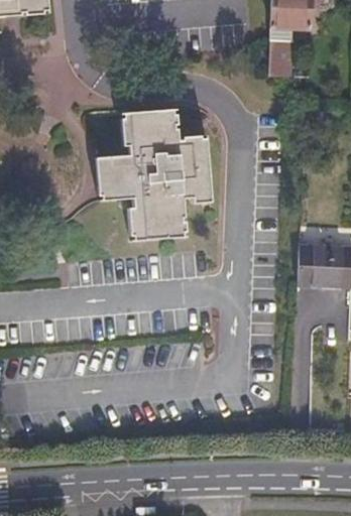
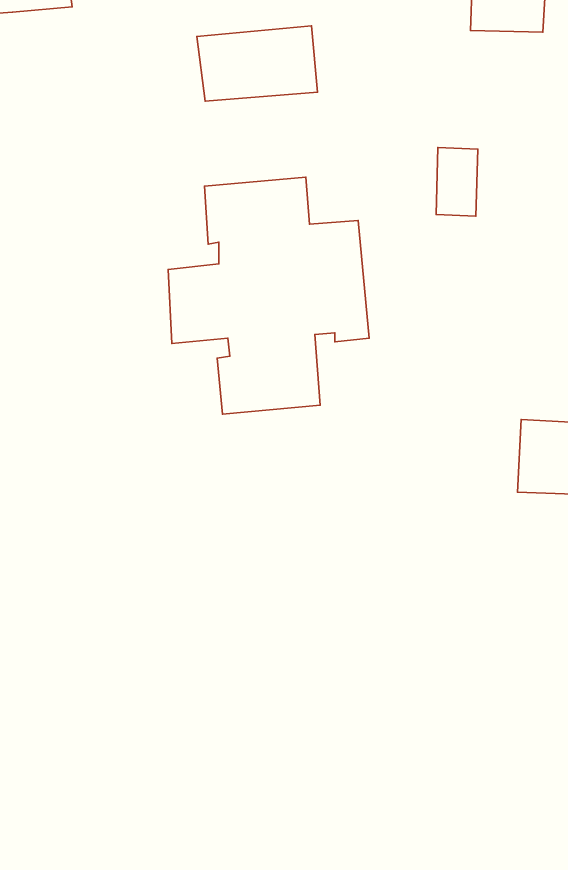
building: none -> [197,26,317,101]
building: [268,35,291,74] -> [436,147,478,216]

